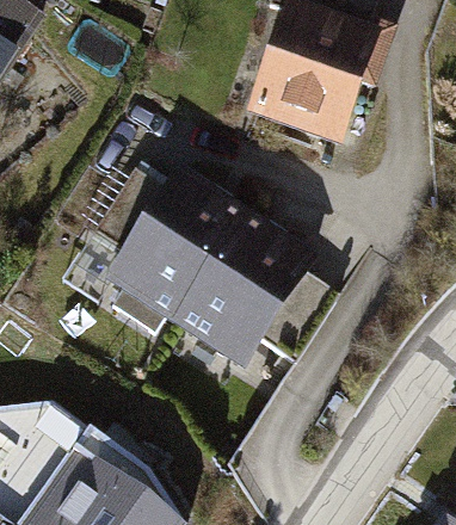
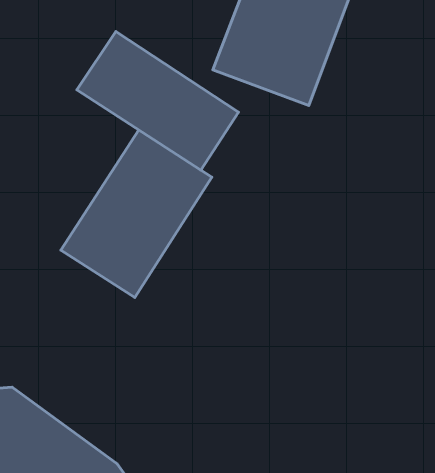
building: none -> [77,31,238,170]
building: [171,208,308,363] -> none

